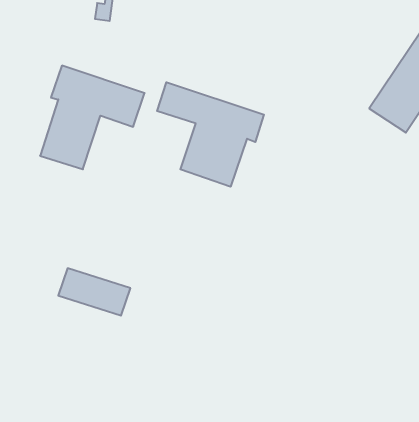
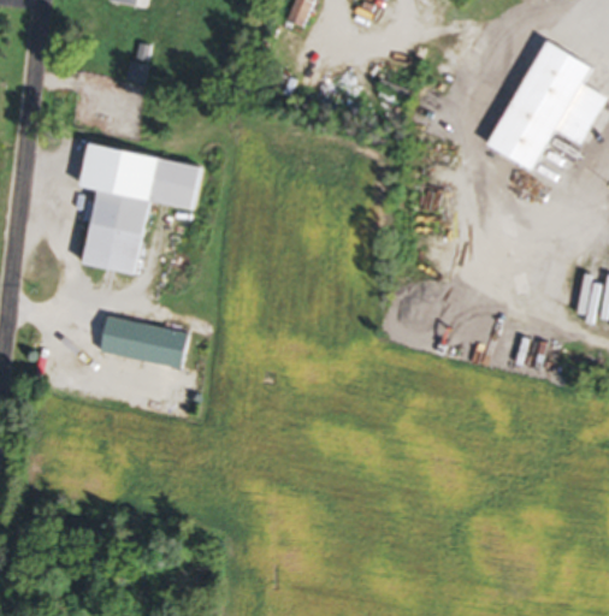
building: [157,82,264,187] -> none
building: [58,268,130,316] -> [97,316,188,367]

